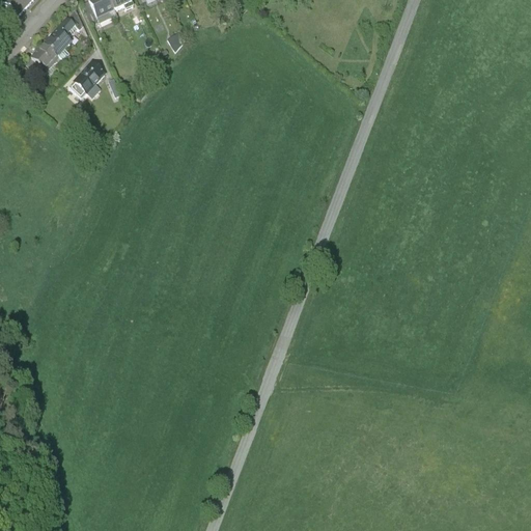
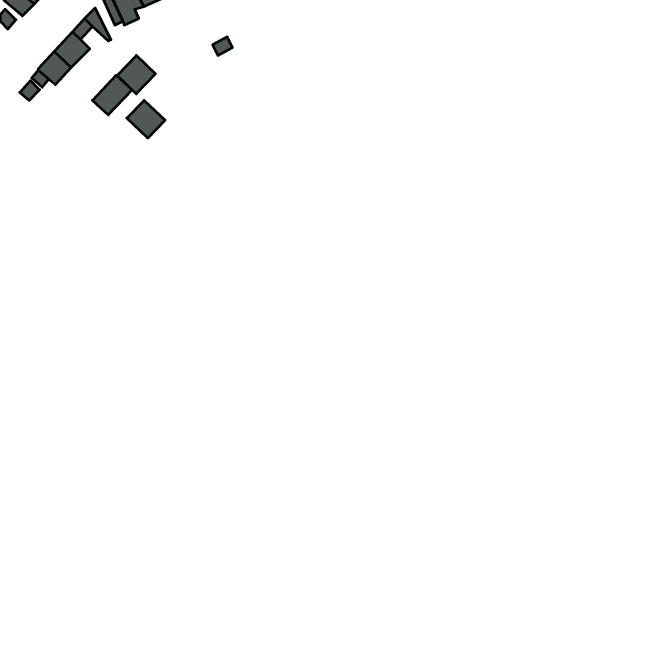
building: none -> [117,55,155,94]
building: none -> [127,100,165,138]

